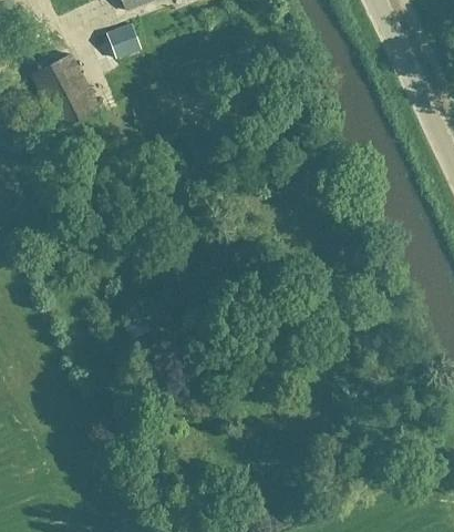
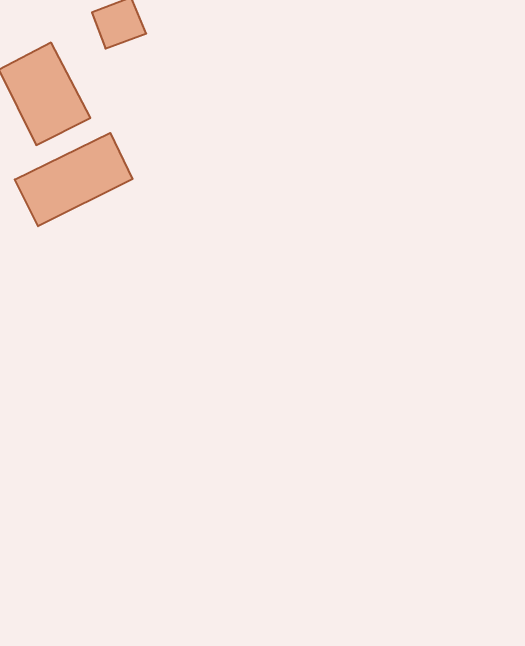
building: none -> [15,133,133,226]

